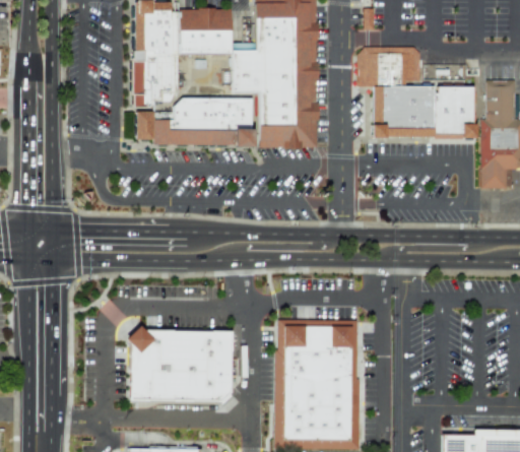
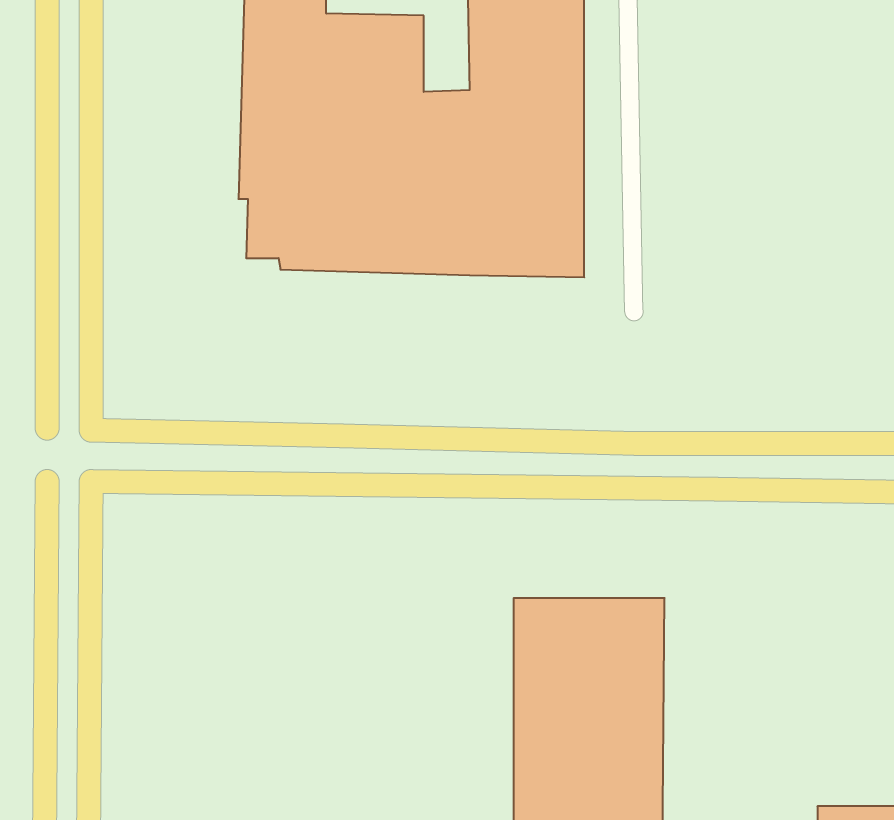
building: [358,47,478,137] -> none
building: [129,329,233,401] -> none

